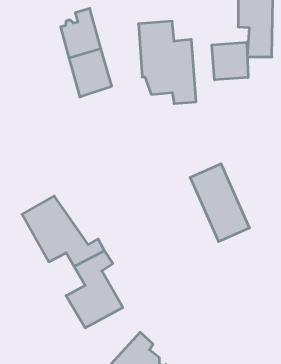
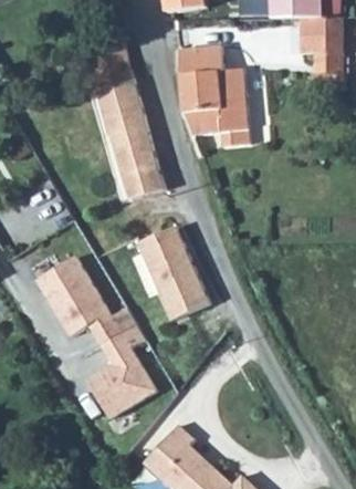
building: [212,42,248,80] -> none
building: none -> [108,124,164,198]
building: [190,164,250,242] -> [137,223,209,318]

